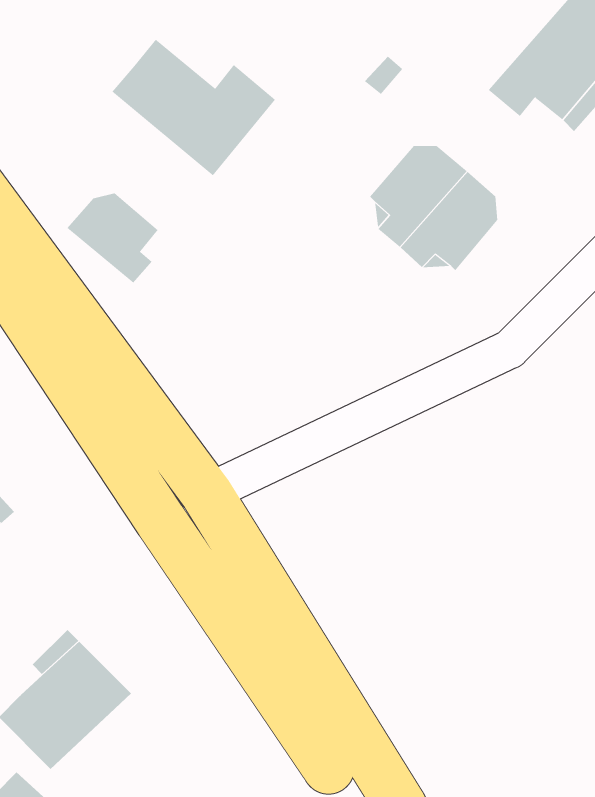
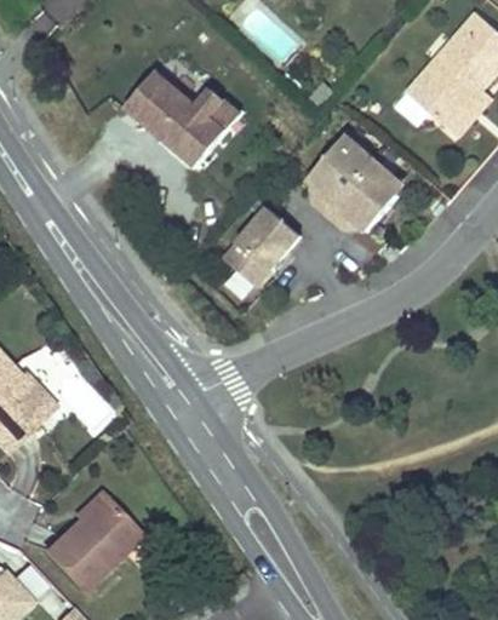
building: [66,192,158,284] -> none
building: none -> [228,207,304,287]

